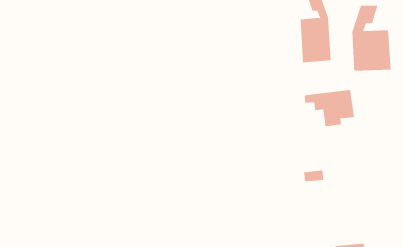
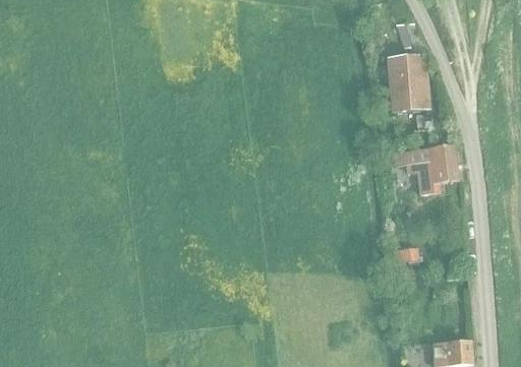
building: [352,5,391,72] -> none

